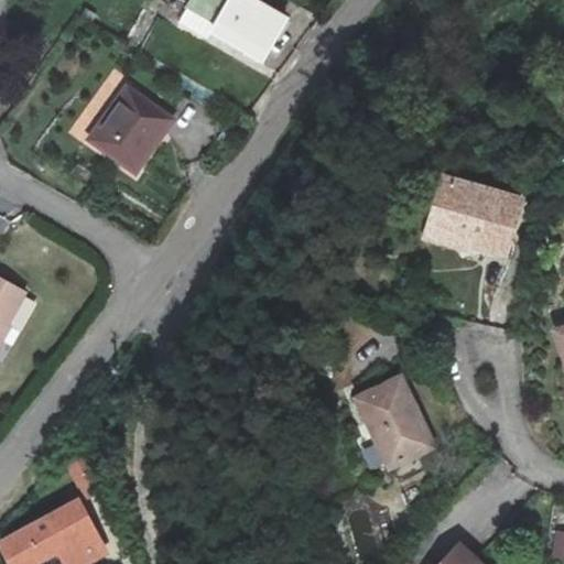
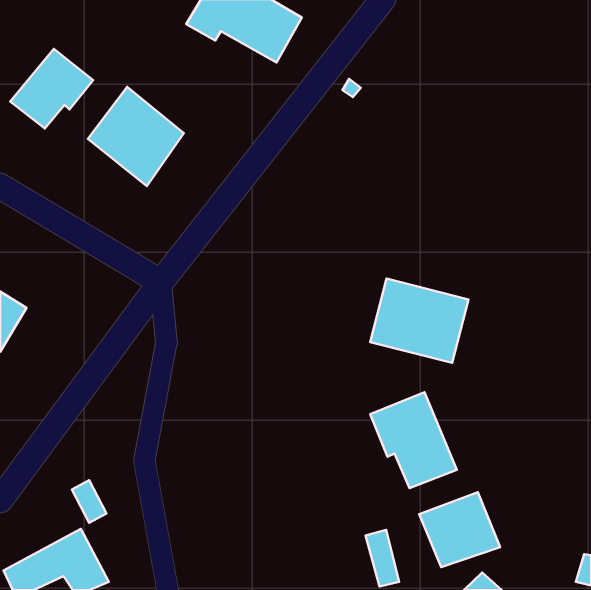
building: none -> [10,49,93,128]
building: [426,177,520,258] -> [370,279,468,363]
building: none -> [419,492,500,567]

